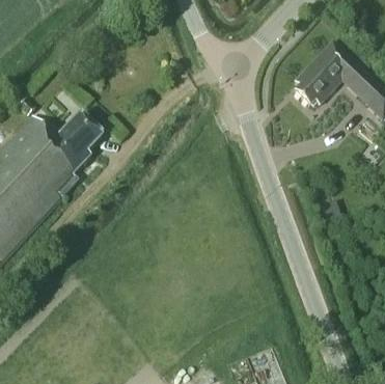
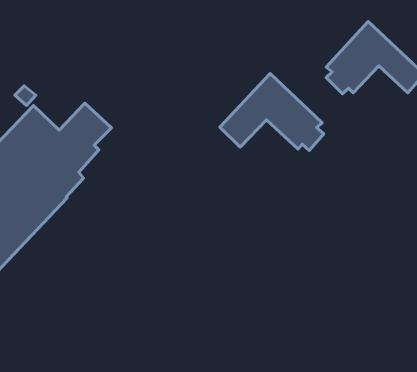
building: none -> [220,73,324,151]

